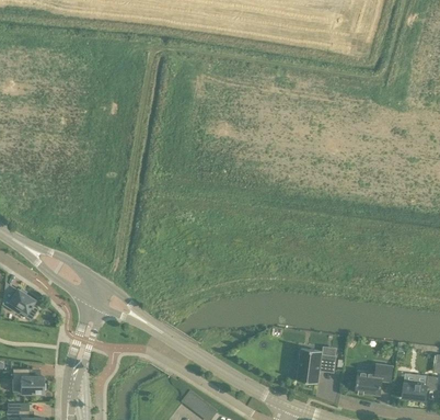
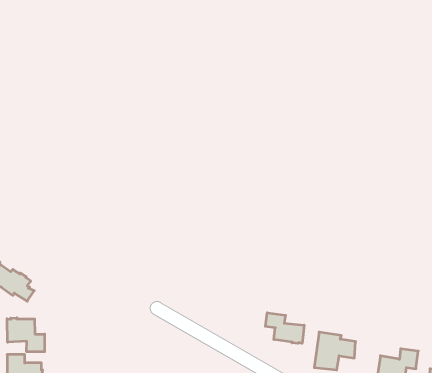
building: none -> [265,313,304,343]
building: none -> [7,318,45,352]

